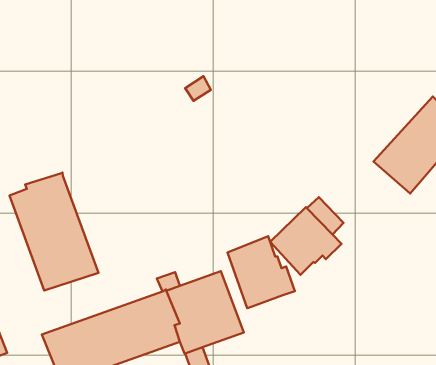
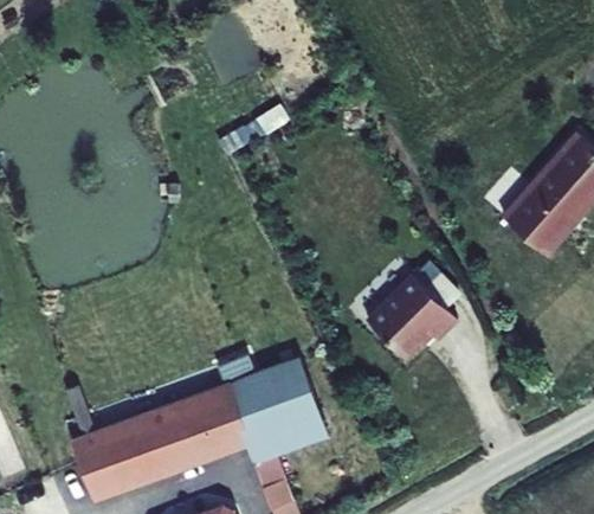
building: [10,172,98,291] -> none
building: [227,236,295,308] -> none

